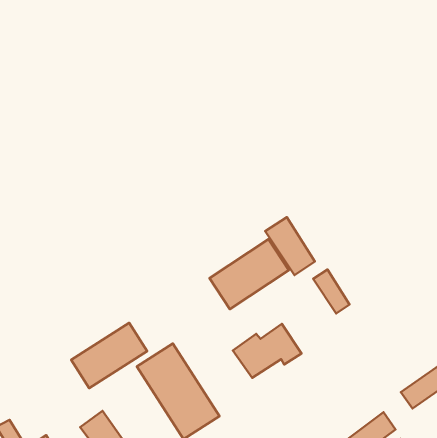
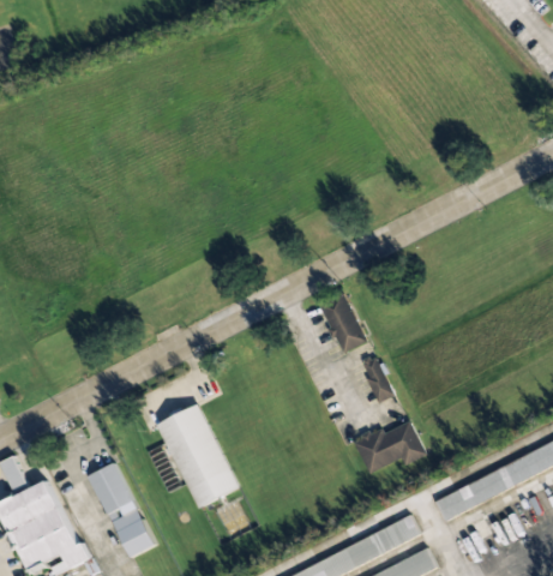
building: [209,239,289,309] -> none
building: [71,323,147,388] -> none
building: [233,324,302,378] -> [354,422,426,474]

